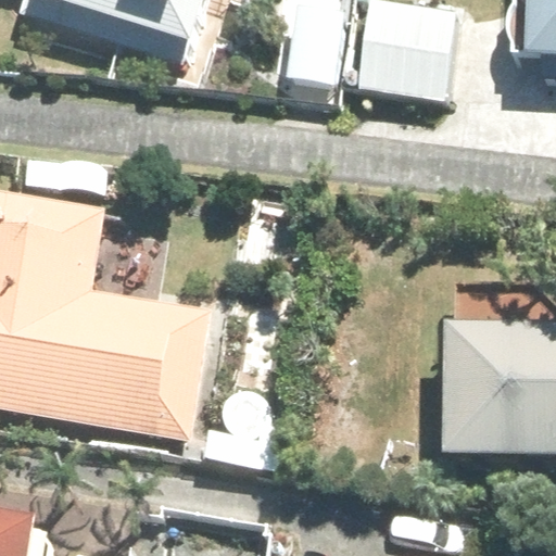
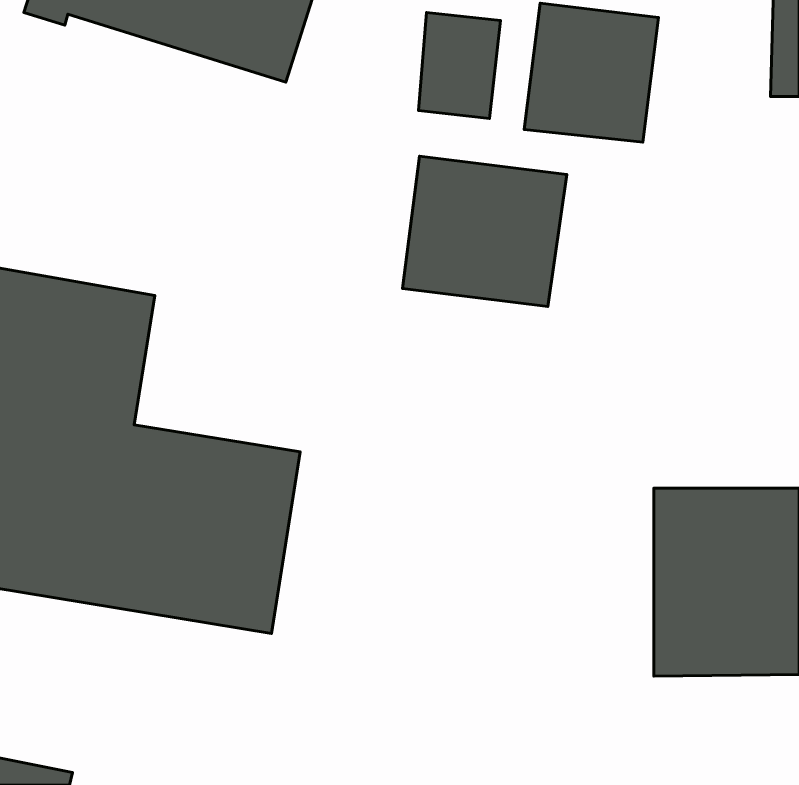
building: none -> [402,156,567,306]

